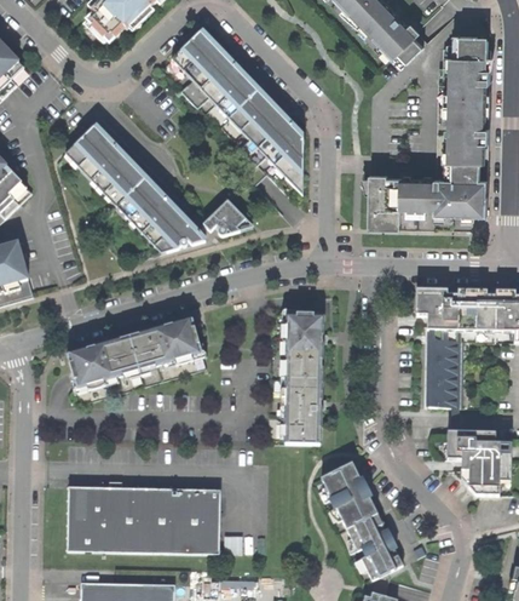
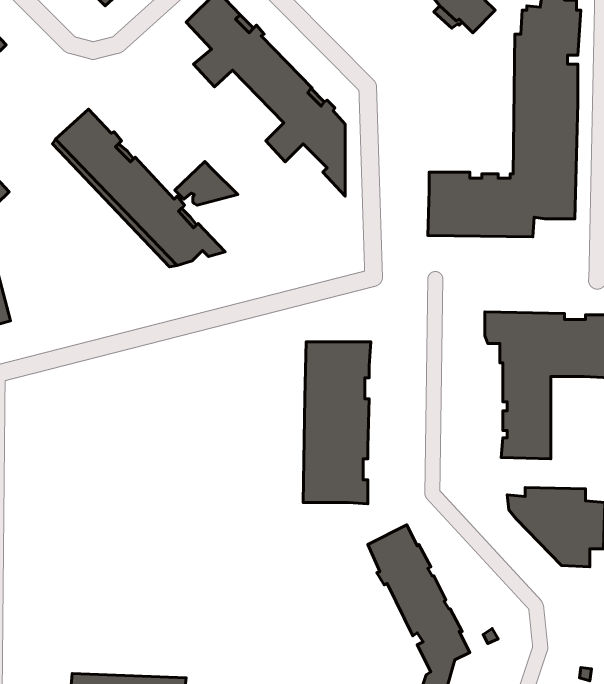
building: [203,199,254,234] -> [175,162,238,205]
building: [68,316,207,401] -> none
building: [67,475,220,553] -> none

